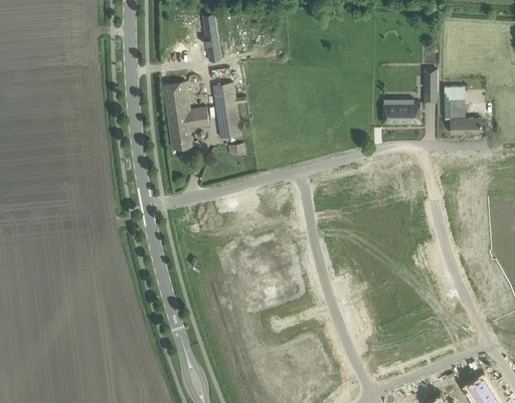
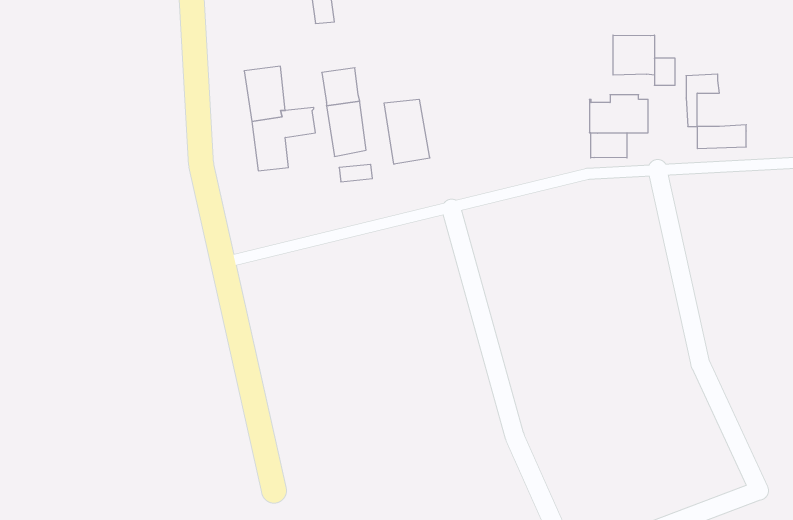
building: none -> [613,35,654,75]
building: none -> [384,99,430,164]
building: none -> [591,133,627,158]

